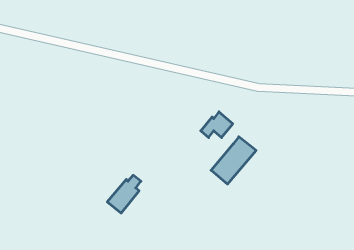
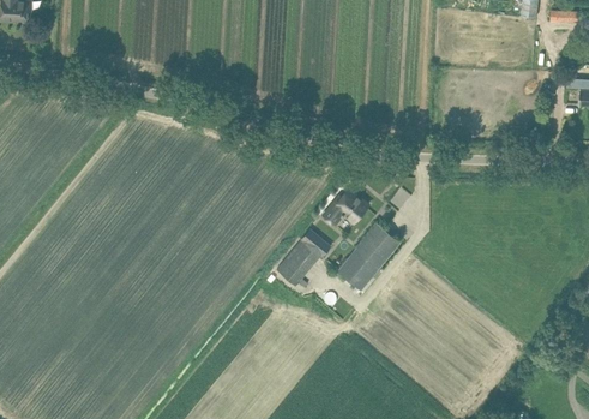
building: [107,175,141,213] -> [276,232,323,285]

